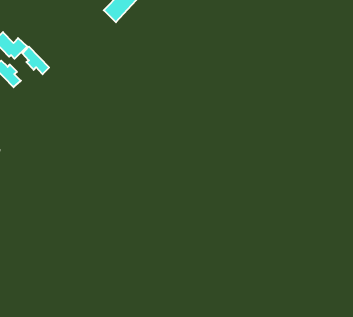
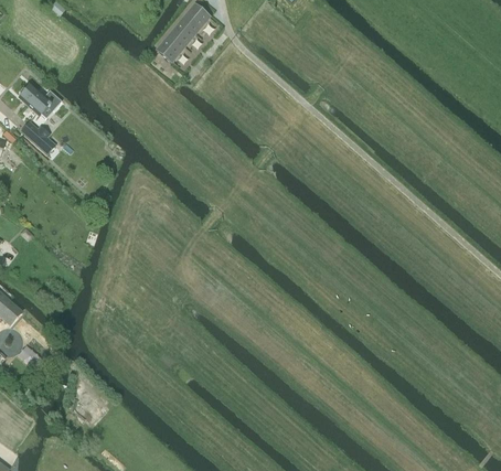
building: [22,47,49,74] -> none

